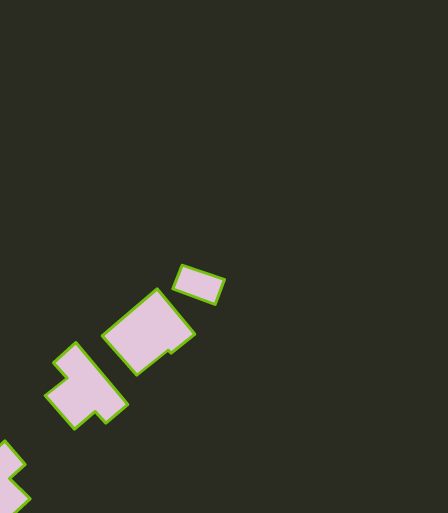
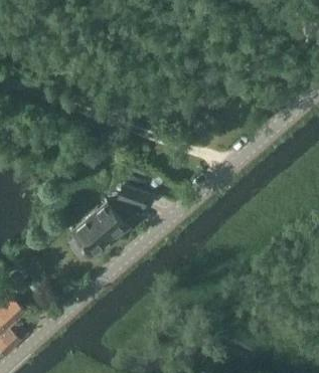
building: [45,342,128,429] -> none

